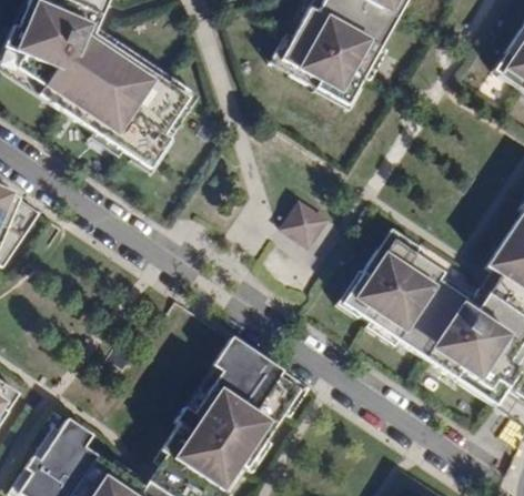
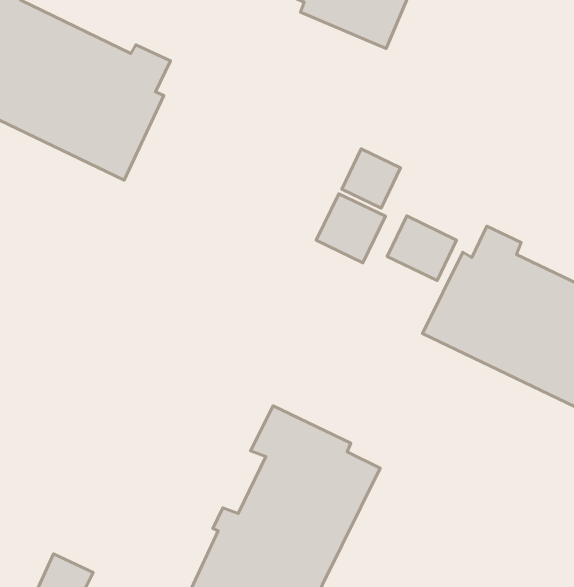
building: none -> [342,149,401,208]
building: none -> [387,216,457,281]

